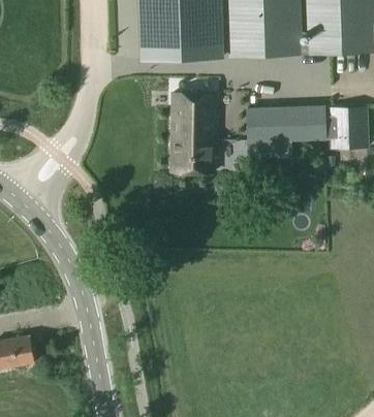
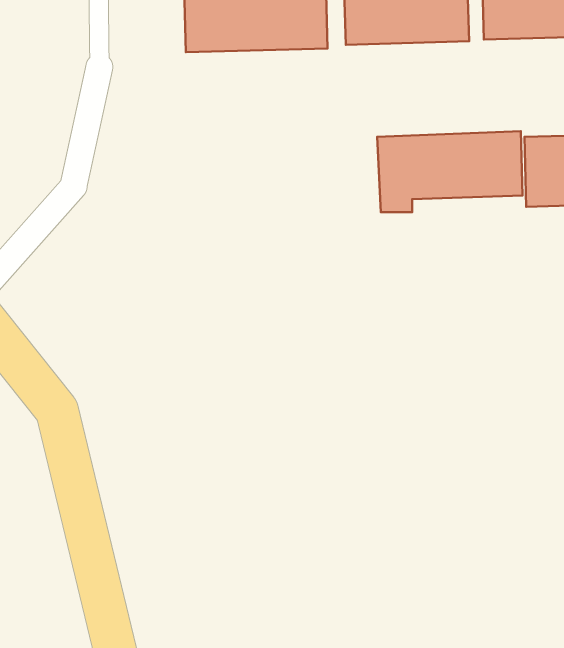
building: [169,92,216,171] -> none

